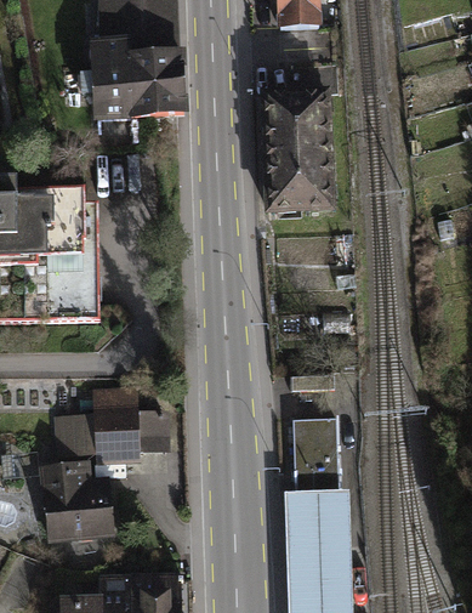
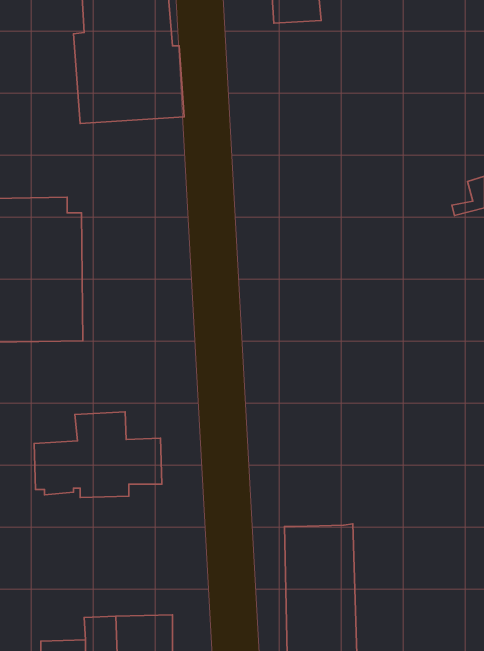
building: [255,87,332,215] -> none
building: [291,419,339,492] -> none
building: [40,460,115,544] -> none

